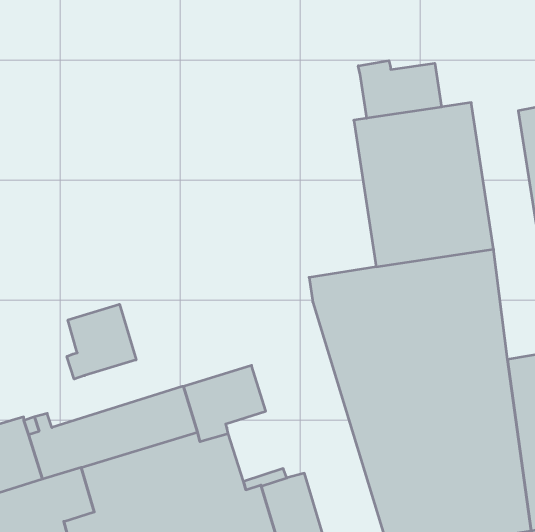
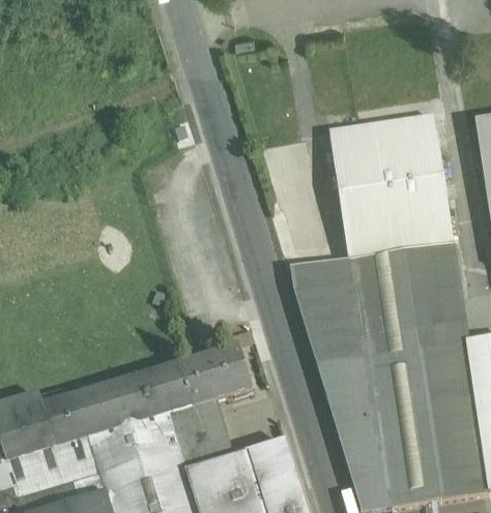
building: [358,61,441,118] -> none
building: [67,304,136,379] -> none

